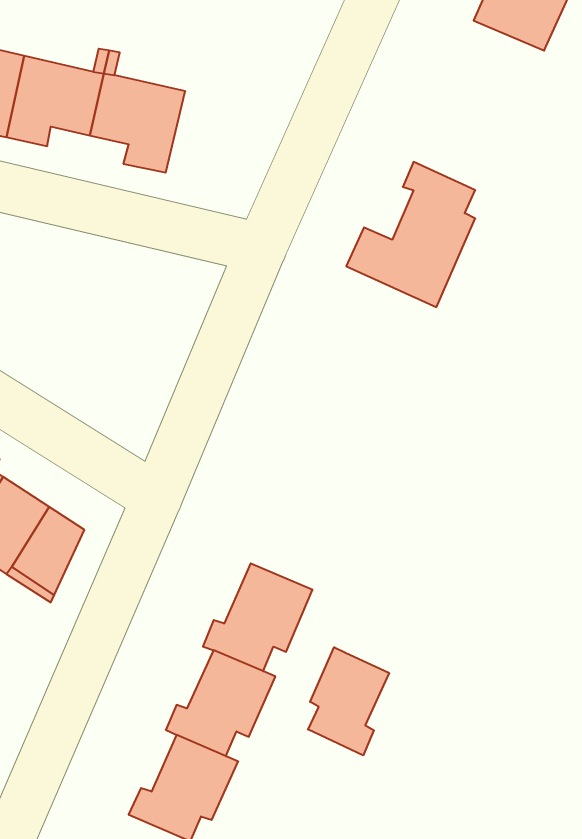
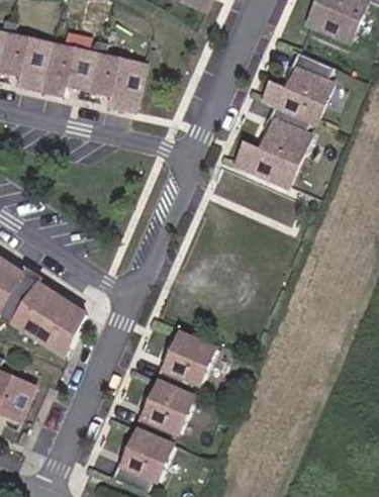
building: none -> [263,52,331,122]
building: [308,647,389,755] -> none

